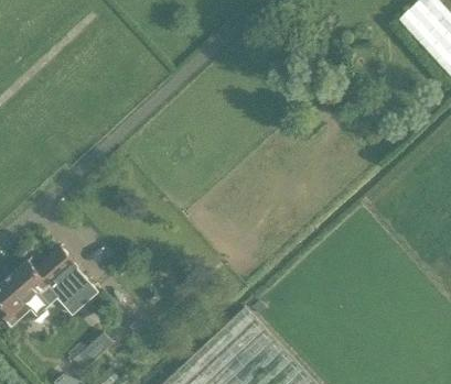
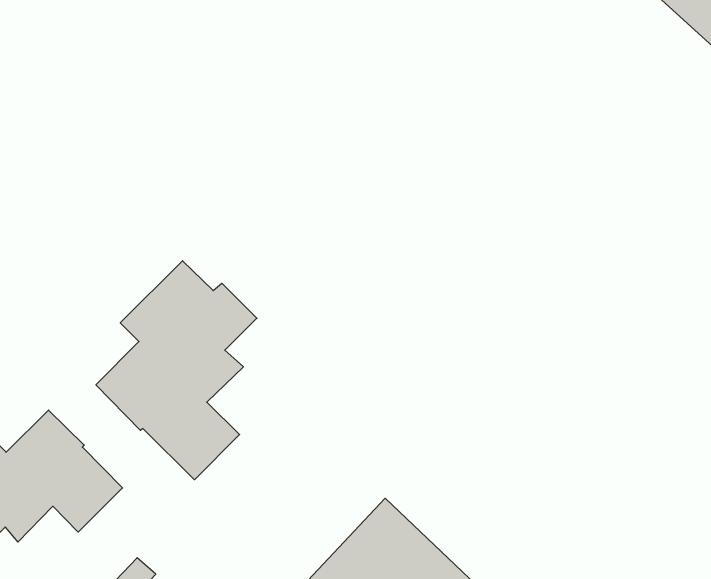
building: none -> [96,261,257,480]

